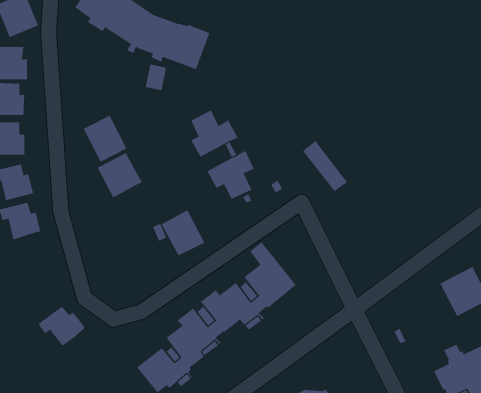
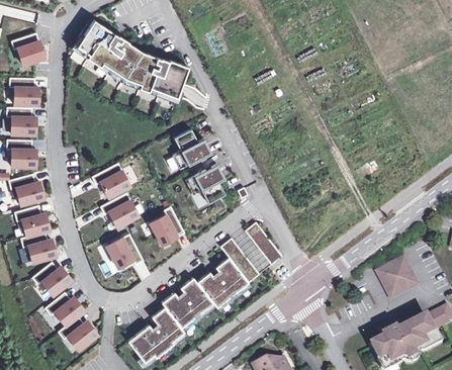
building: [83,115,127,162] -> none
building: [302,140,348,192] -> [245,220,282,263]
building: none -> [106,198,142,232]
building: none -> [20,229,56,261]
building: none -> [100,233,142,277]
building: none -> [33,260,73,293]
building: none -> [58,314,98,348]

